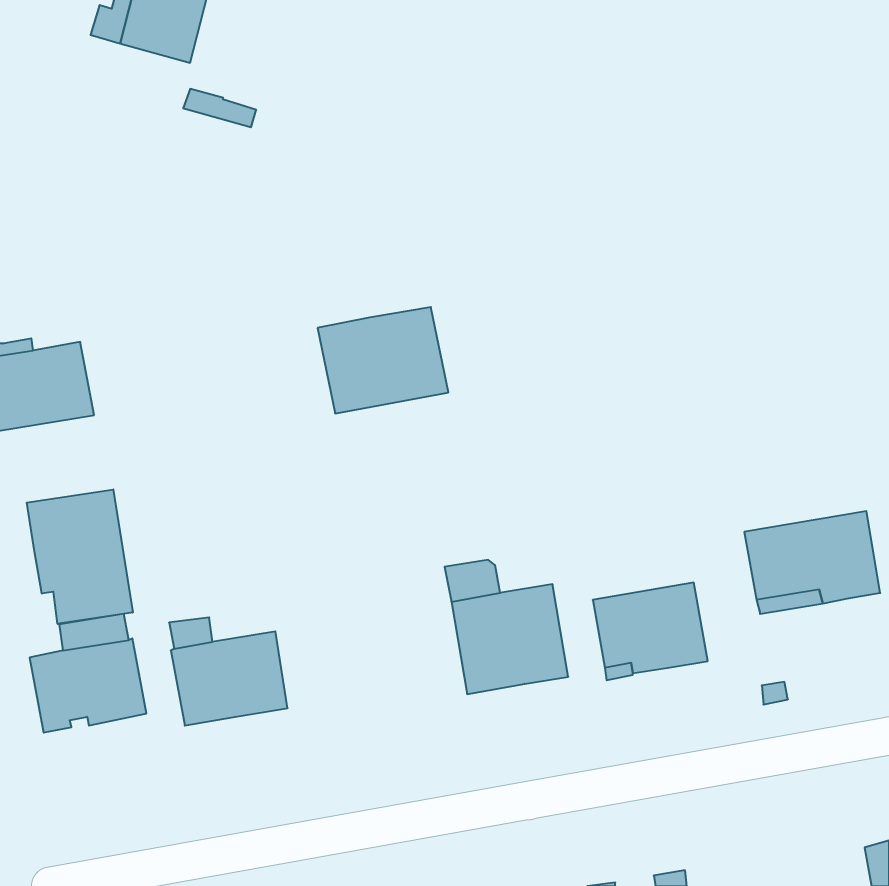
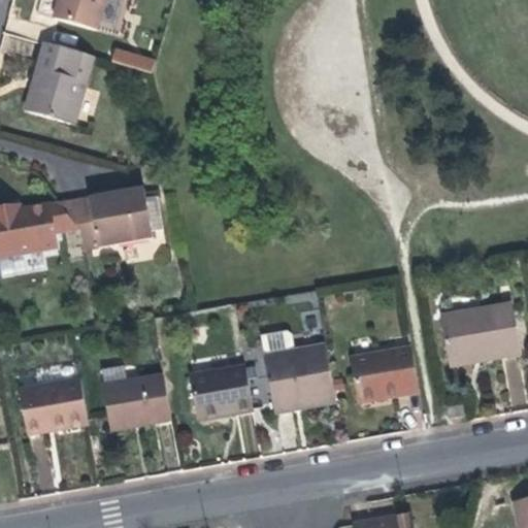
building: none -> [31,45,93,114]
building: [318,307,448,413] -> [71,188,148,251]
building: [27,489,133,624] -> none
building: none -> [191,366,254,420]

